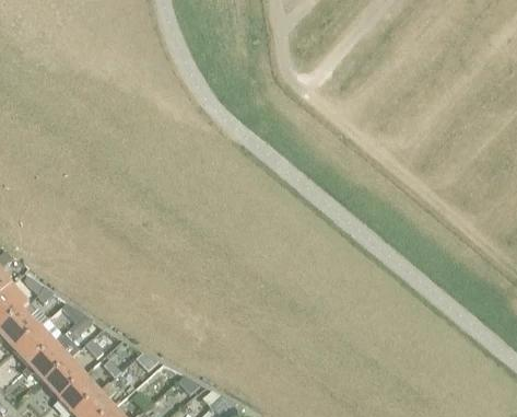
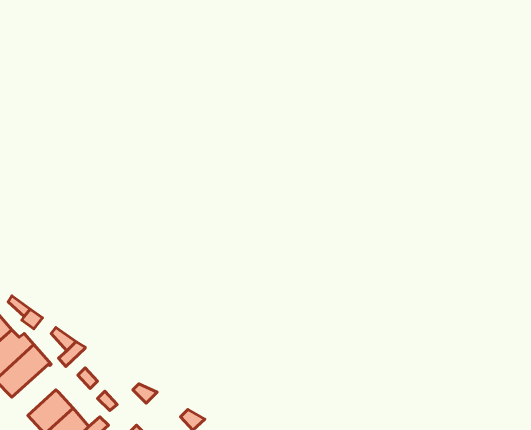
building: [27,335,79,381] -> none

